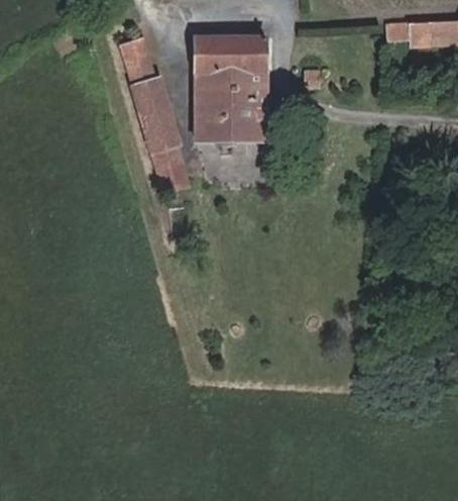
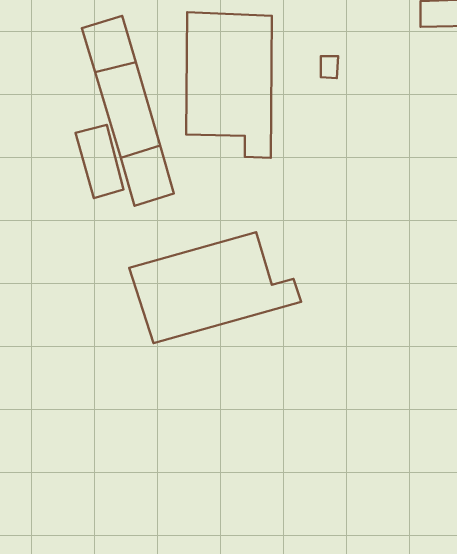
building: none -> [75,125,124,198]
building: none -> [129,232,301,343]

